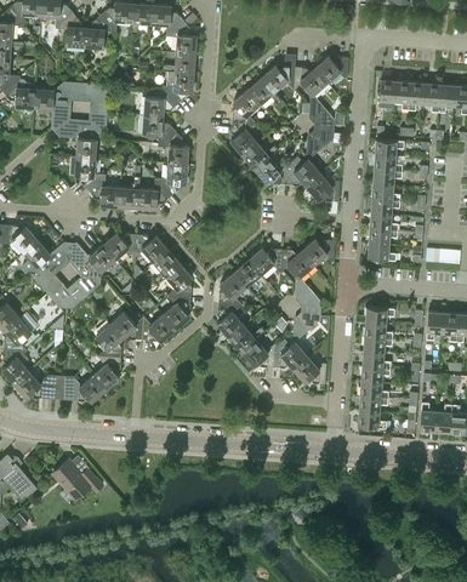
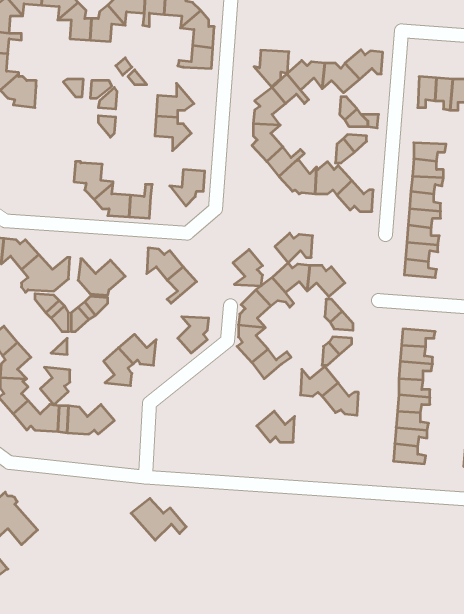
building: [161,72,193,104] -> [254,50,289,87]
building: [34,87,68,129] -> none
building: [58,122,99,159] -> none
building: [158,131,188,165] -> none
building: [137,178,170,209] -> none
building: [102,233,136,259] -> none
building: [301,239,335,266] -> [275,233,313,263]
building: [165,264,192,297] -> [233,249,263,286]
building: [141,315,175,341] -> none
building: [240,338,274,366] -> [257,411,295,442]
building: [93,355,120,389] -> [40,367,70,405]
building: [52,461,102,498] -> [131,498,186,540]

